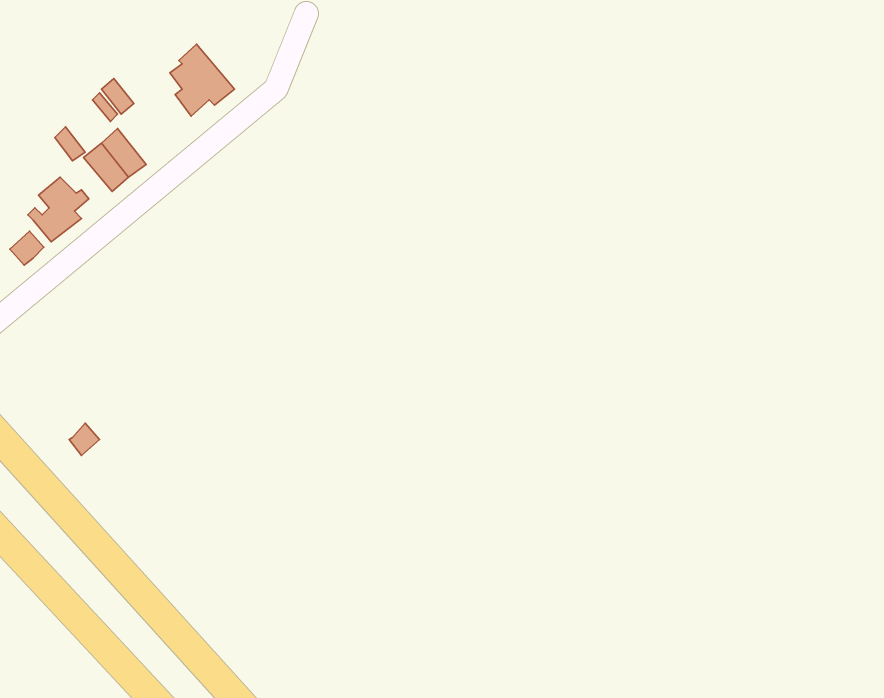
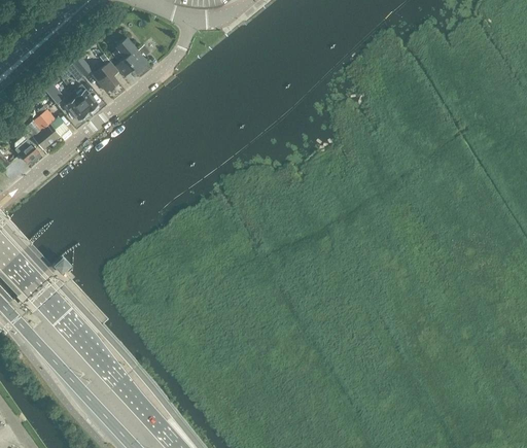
building: none -> [92,64,117,94]

